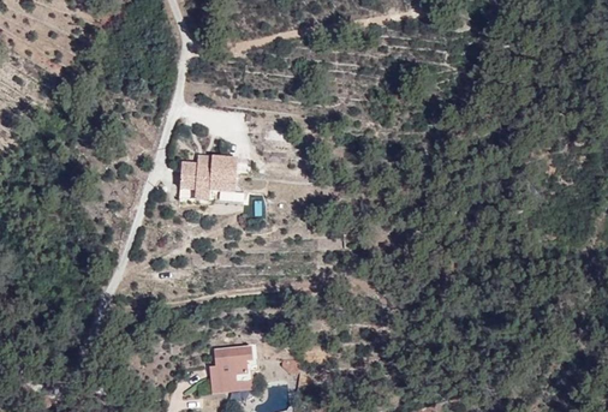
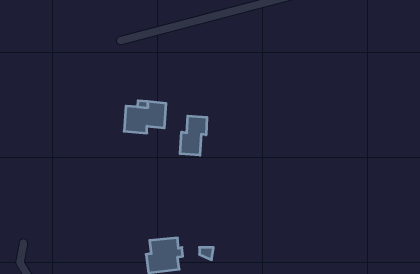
building: none -> [180,116,207,155]

